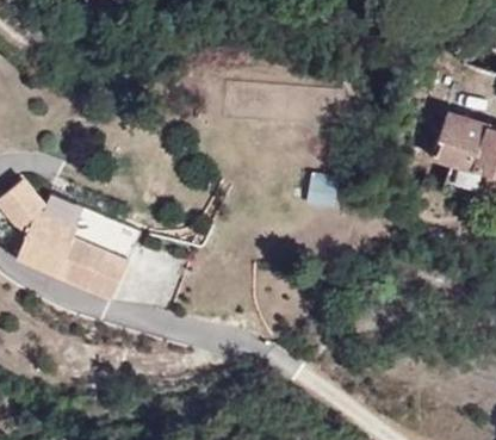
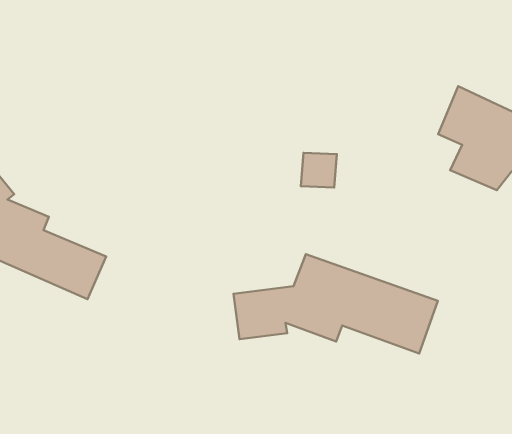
building: [74,210,143,262] -> none
building: none -> [234,254,438,354]

